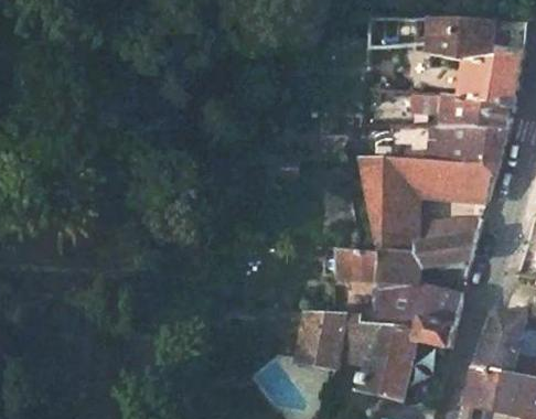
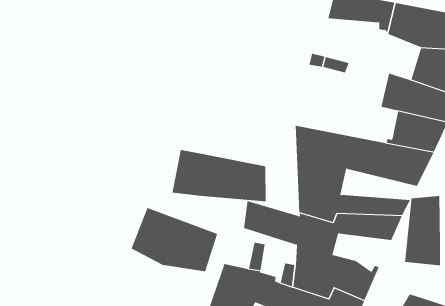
building: none -> [172,149,266,202]
building: none -> [405,195,441,266]
building: none -> [131,207,218,272]

